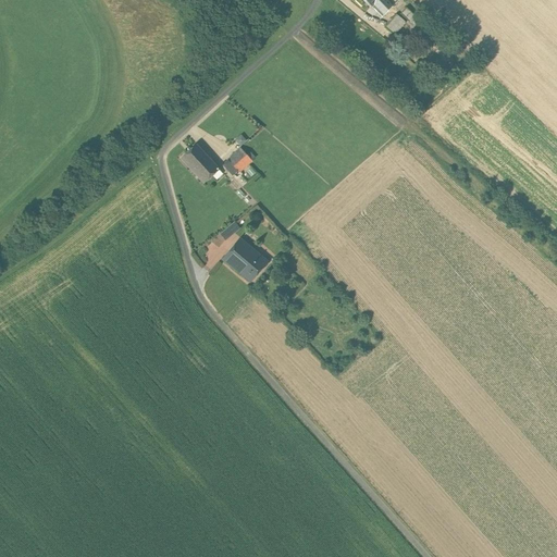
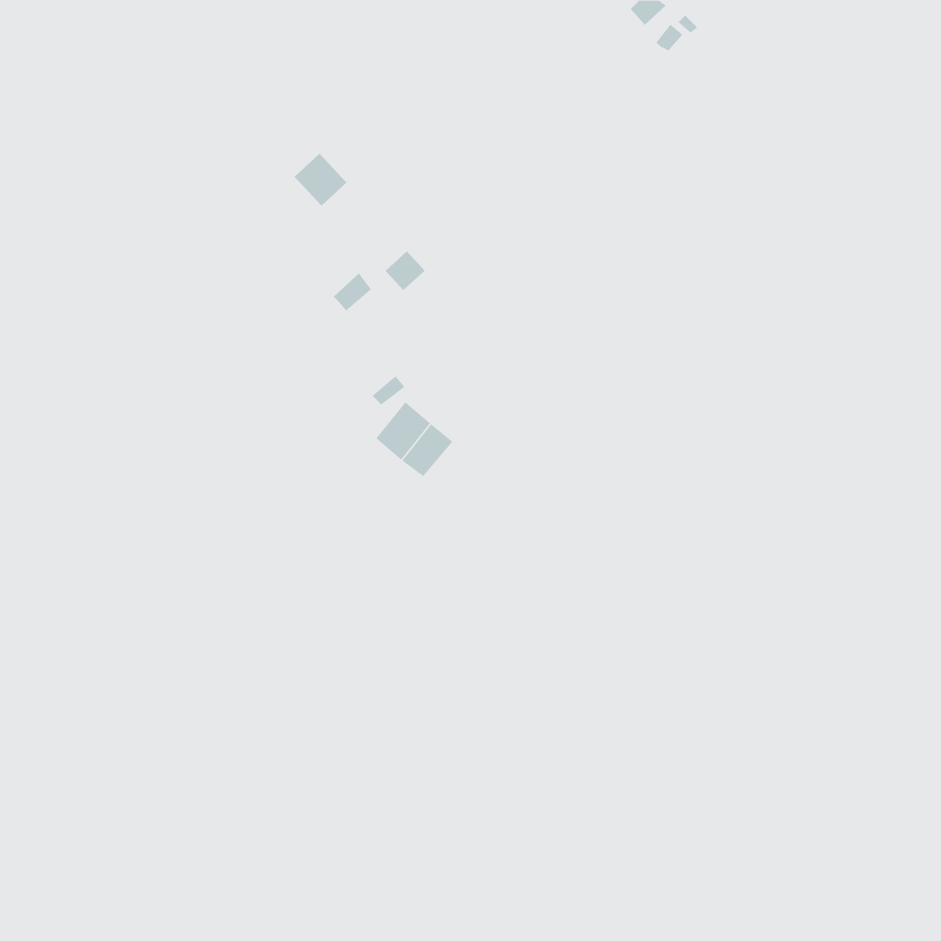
building: [181,144,212,175] -> [294,153,347,206]

